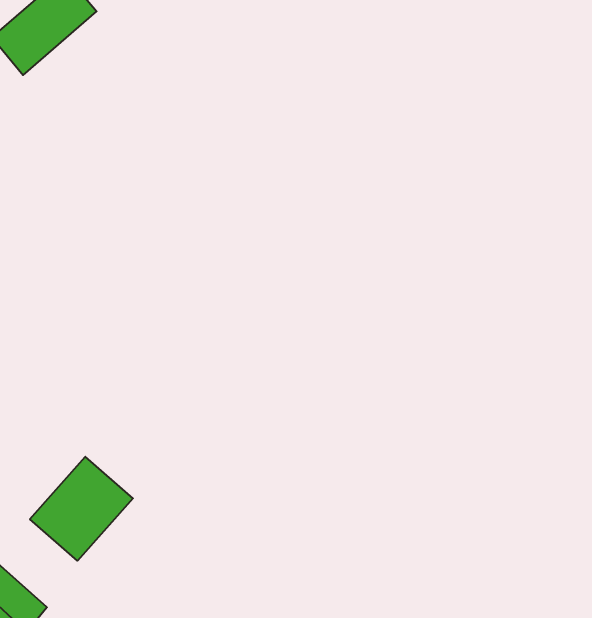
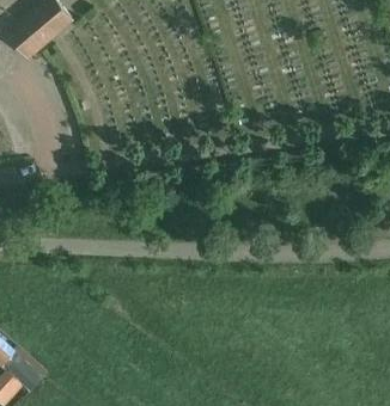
building: [30,457,133,561] -> none

